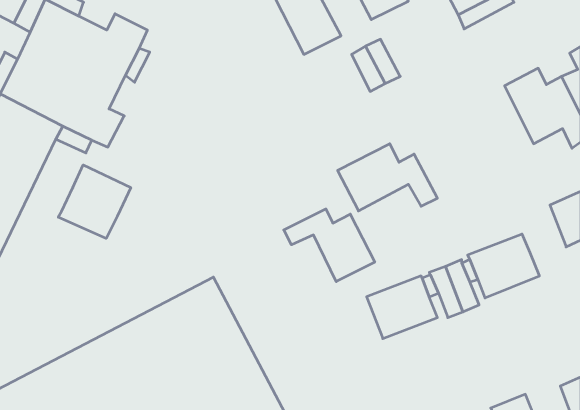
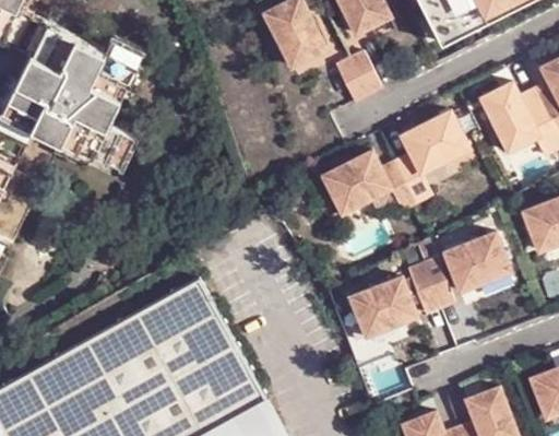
building: none -> [393,110,467,203]
building: [58,165,131,238] -> none
building: [284,209,375,282] -> none

